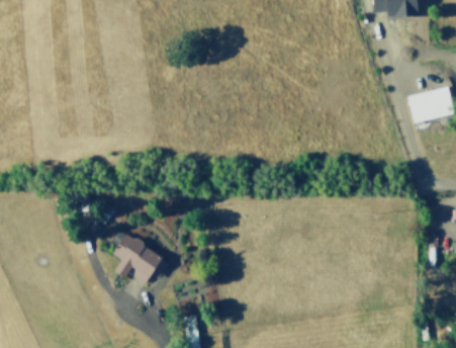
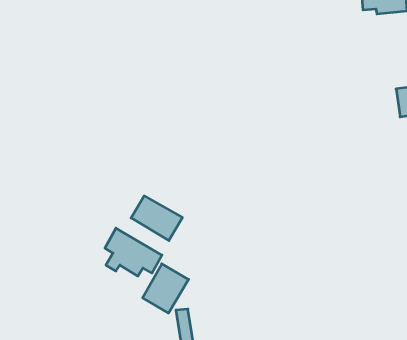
building: none -> [131,196,182,241]
building: none -> [143,264,189,313]

